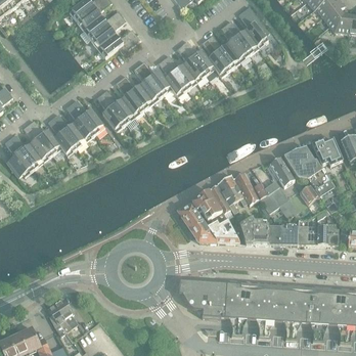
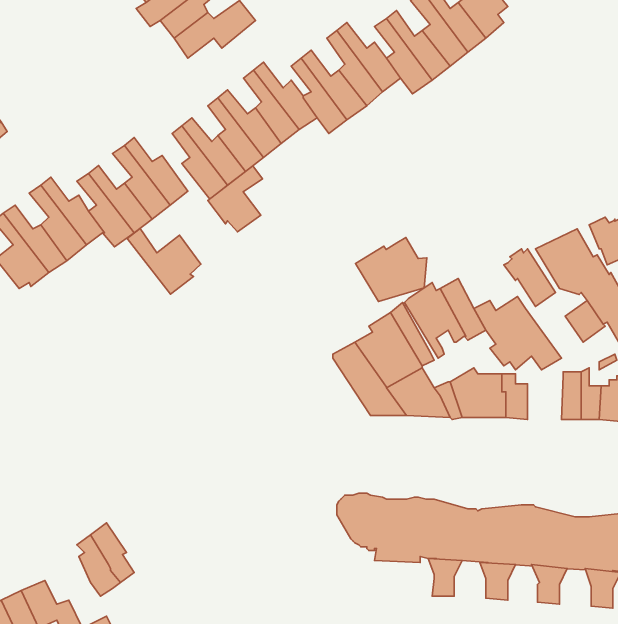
building: none -> [208,166,263,232]
building: none -> [127,229,201,294]
building: none -> [355,238,427,301]
building: [278,220,298,243] -> none

